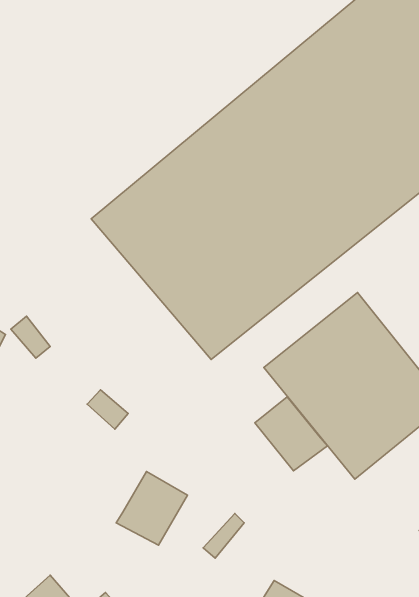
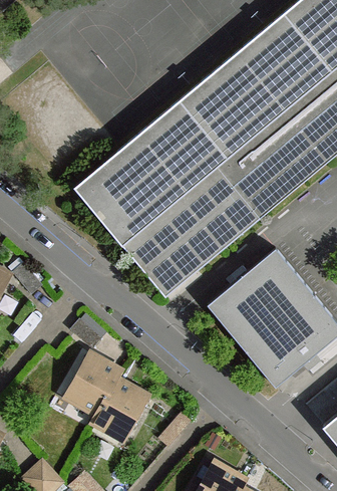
building: [255,397,327,471] -> none
building: none -> [67,355,121,412]

